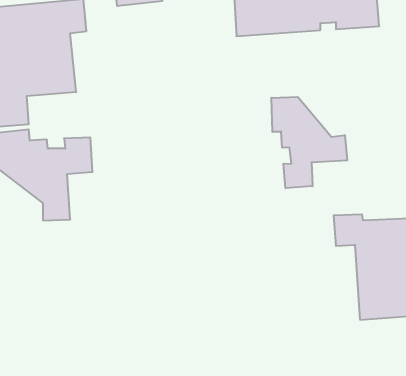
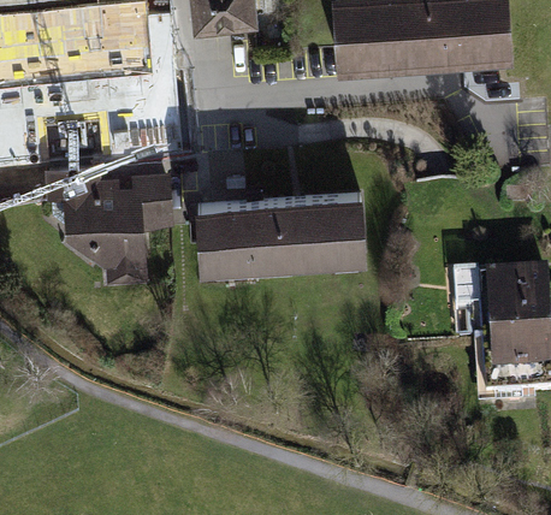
building: [271,97,347,188] -> none
building: none -> [197,197,363,266]

